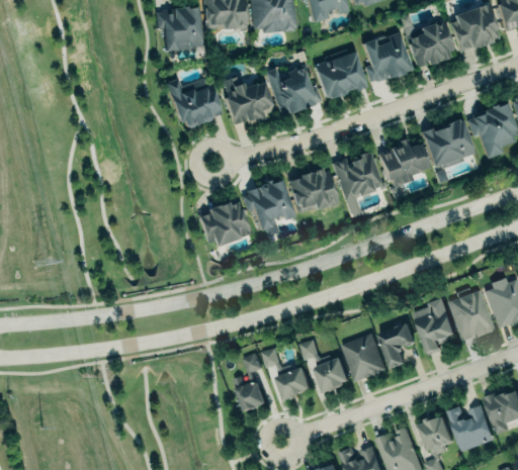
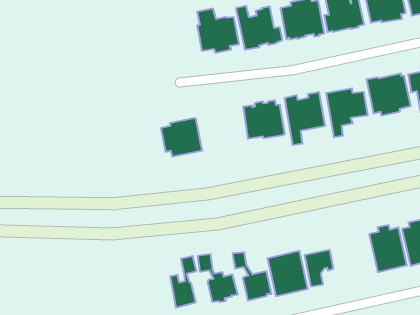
building: [167,79,222,129] -> none
building: [241,178,295,231] -> none
building: [415,311,454,354] -> none

